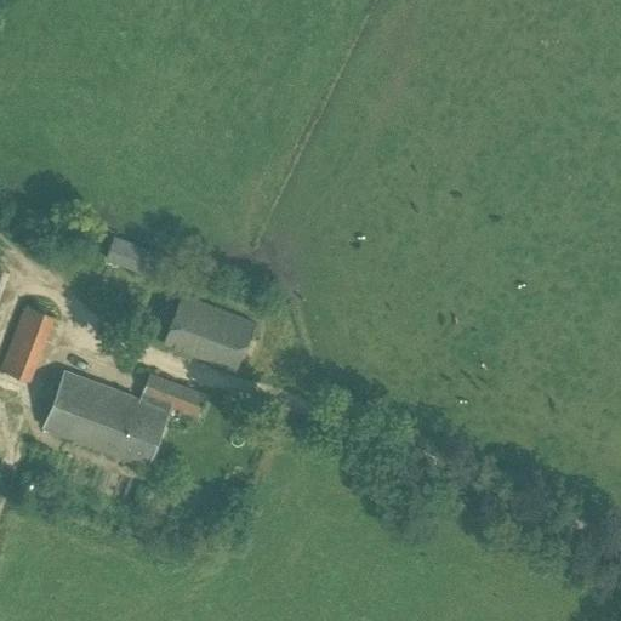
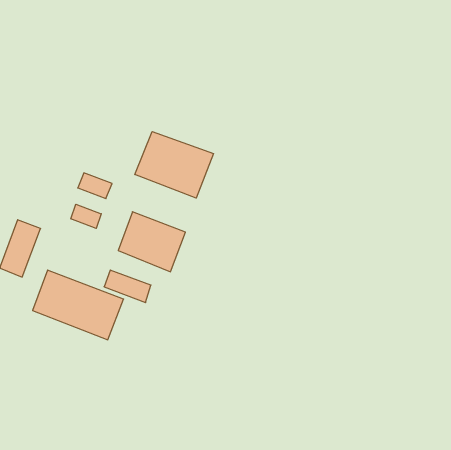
building: none -> [135,132,214,198]
building: none -> [71,204,101,228]

